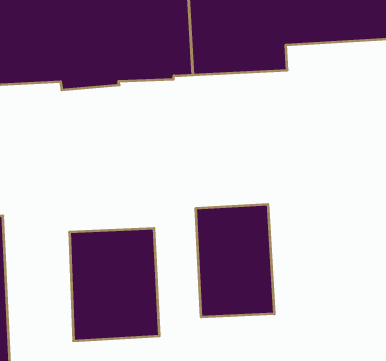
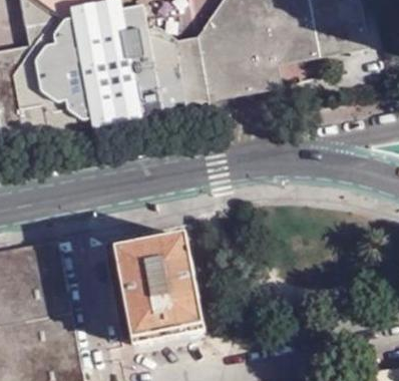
building: [196,204,274,317] -> none

